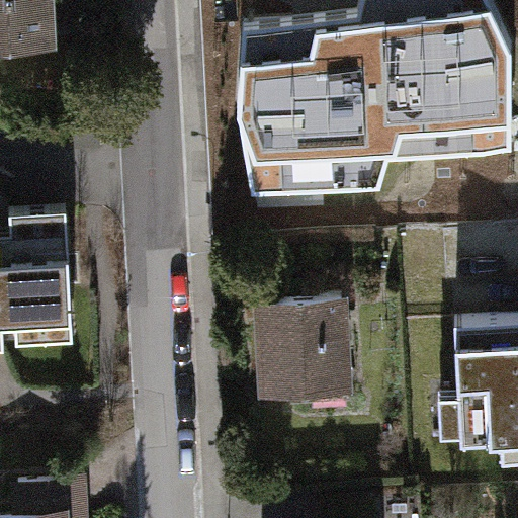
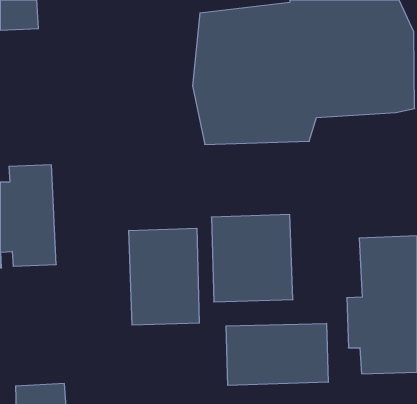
building: none -> [129,228,199,325]
building: none -> [226,323,328,385]

